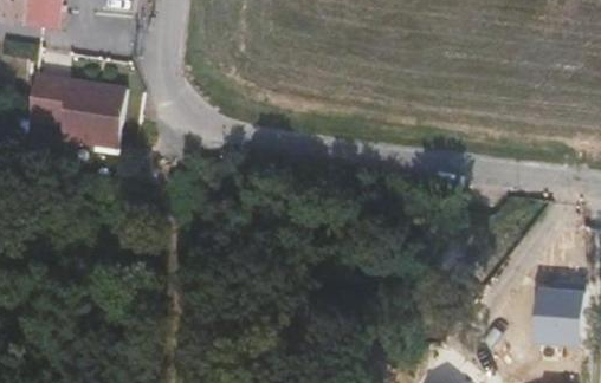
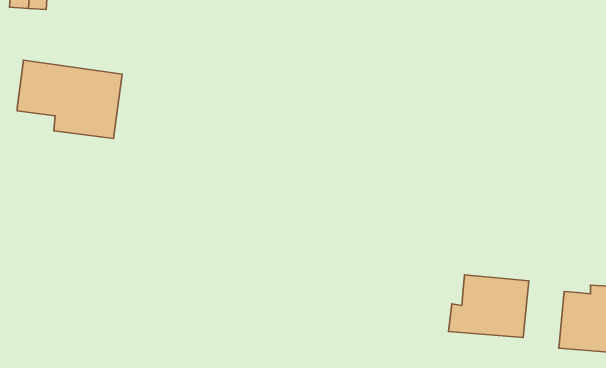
building: none -> [449,275,529,337]

